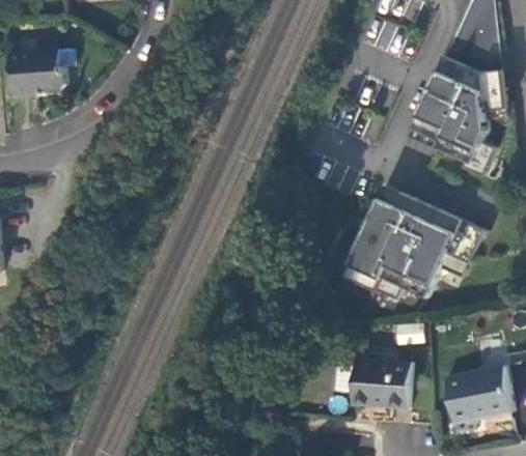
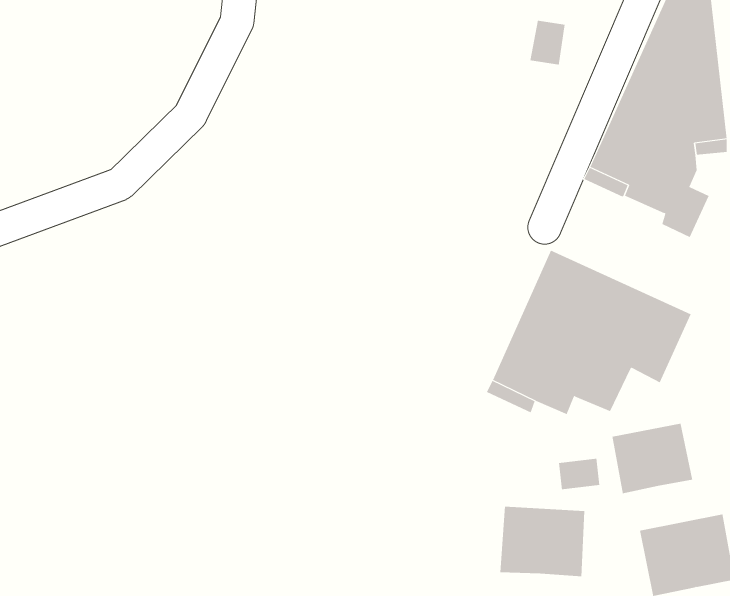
building: [8,51,66,102] -> none
building: none -> [612,423,693,494]

